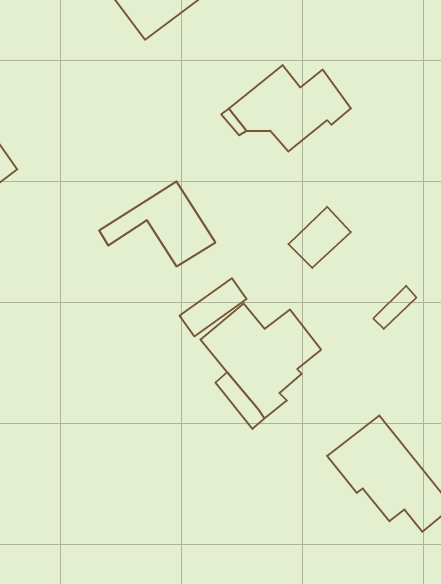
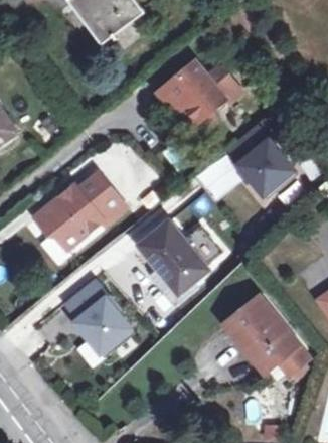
building: none -> [230,127,296,200]
building: none -> [35,173,122,248]
building: none -> [64,281,132,358]

